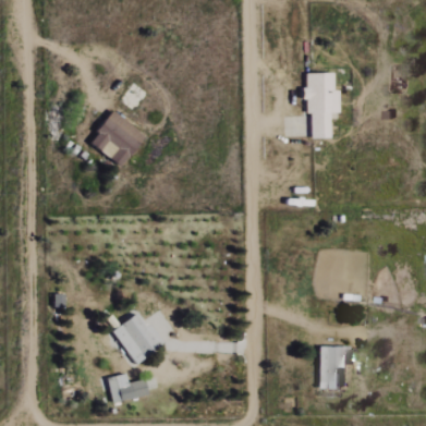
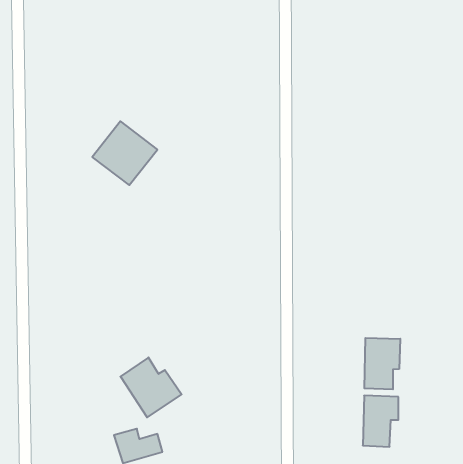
building: [302,72,340,138] -> none
building: none -> [364,338,400,389]

